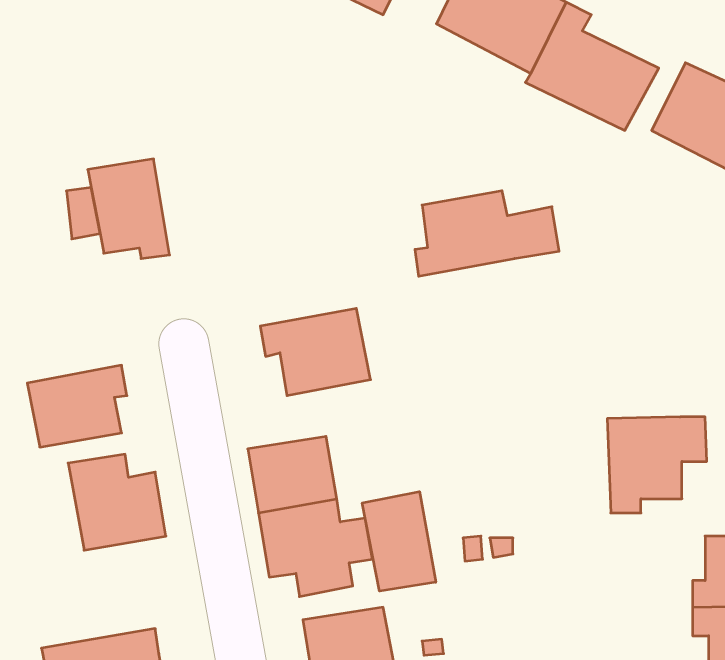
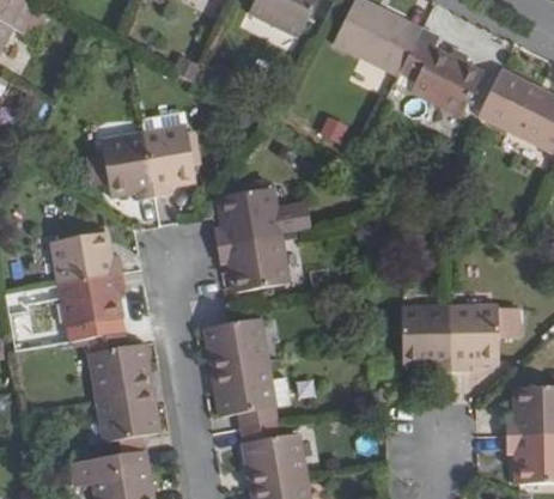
building: none -> [140,109,195,197]
building: [415,191,559,276] -> [213,188,310,245]
building: none -> [51,231,122,284]
building: none -> [402,308,451,371]
building: [362,492,436,591] -> none
building: none -> [97,387,159,440]

